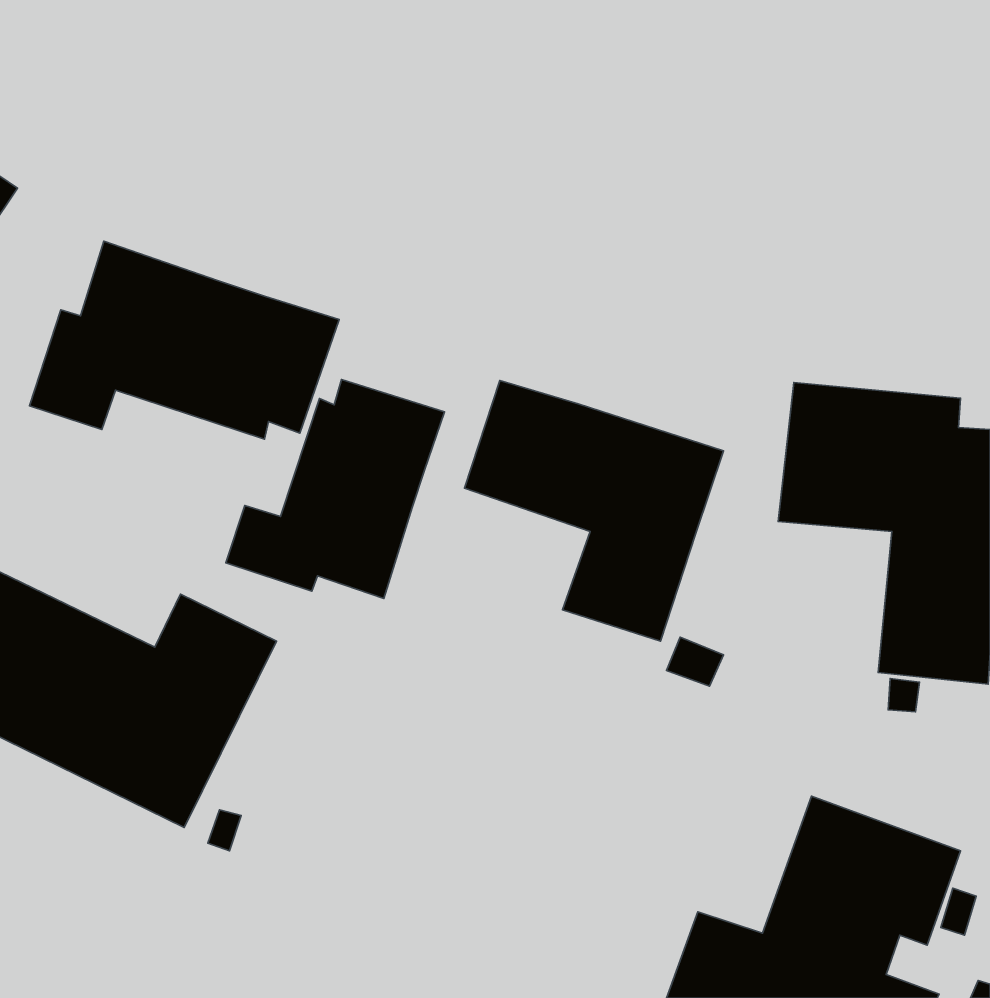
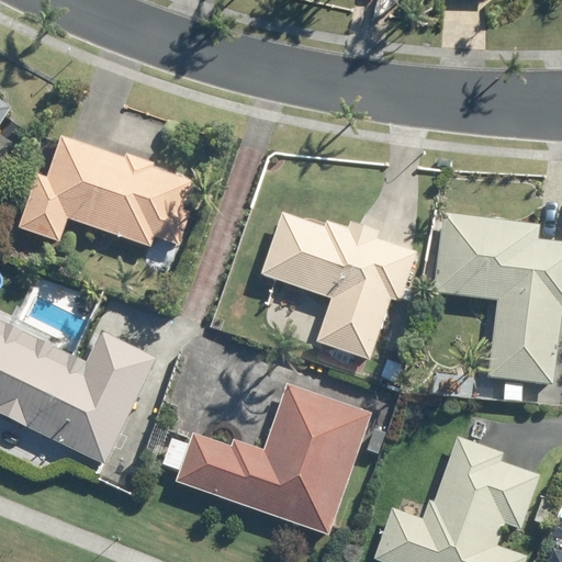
building: [226,379,445,599] -> none
building: none -> [175,382,369,532]

